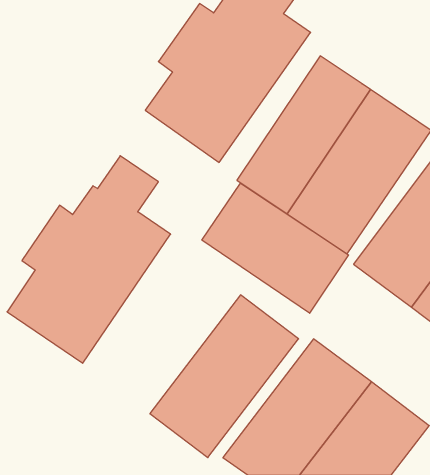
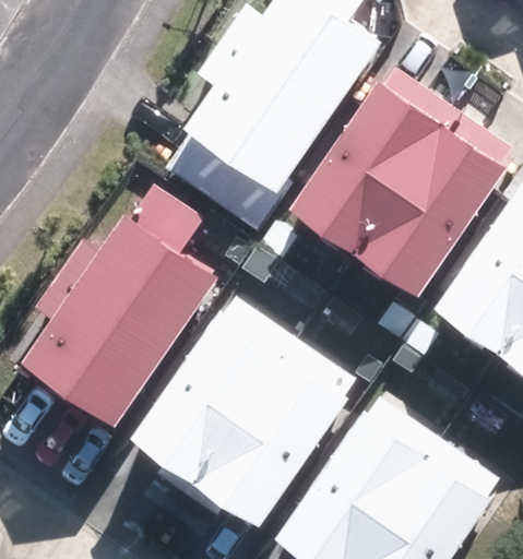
building: [202,183,349,313] -> none
building: none -> [122,295,296,485]

